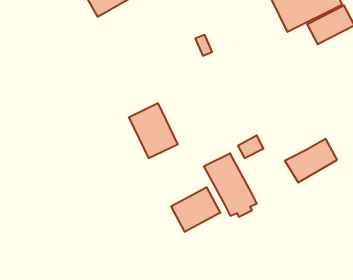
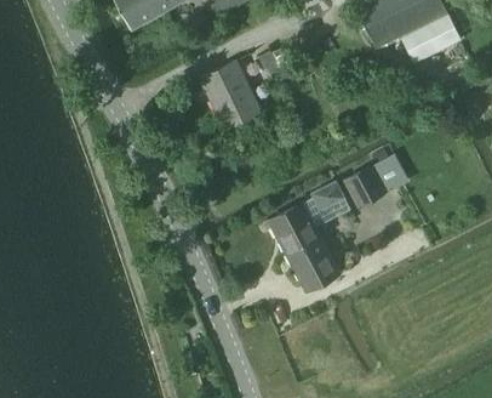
building: [129,103,178,158] -> [198,59,261,130]
building: [285,139,337,183] -> [341,153,407,209]
building: [171,187,220,232] -> none

